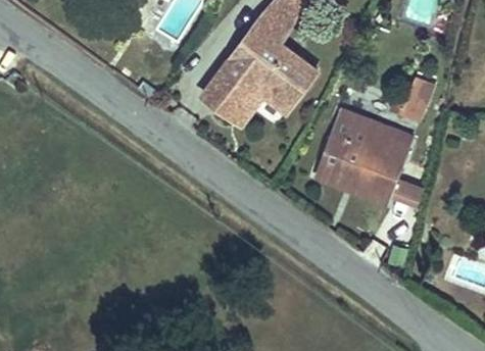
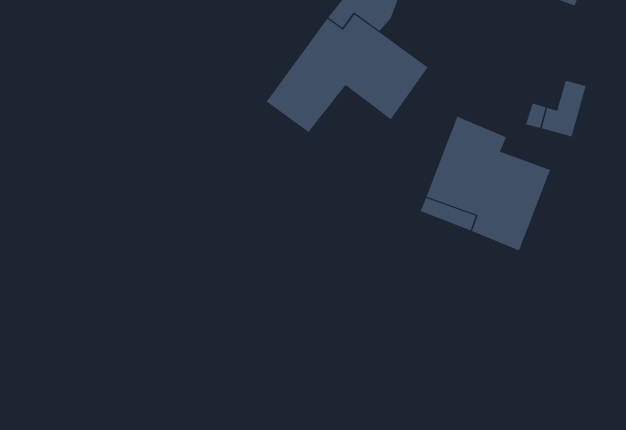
building: [231,84,290,126] -> none

